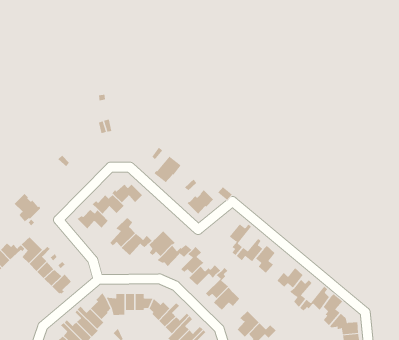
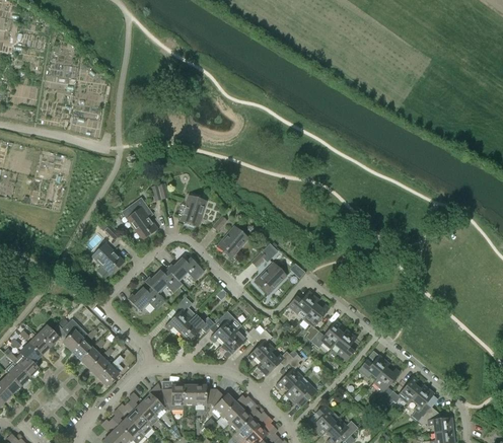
building: none -> [182,195,207,225]
building: none -> [128,198,158,238]
building: [14,193,41,222] -> [92,243,124,277]
building: none -> [288,290,319,318]

